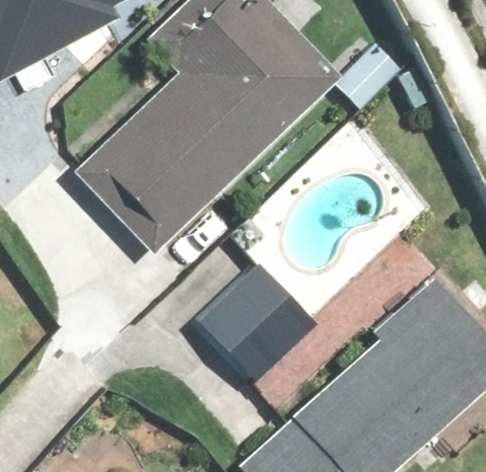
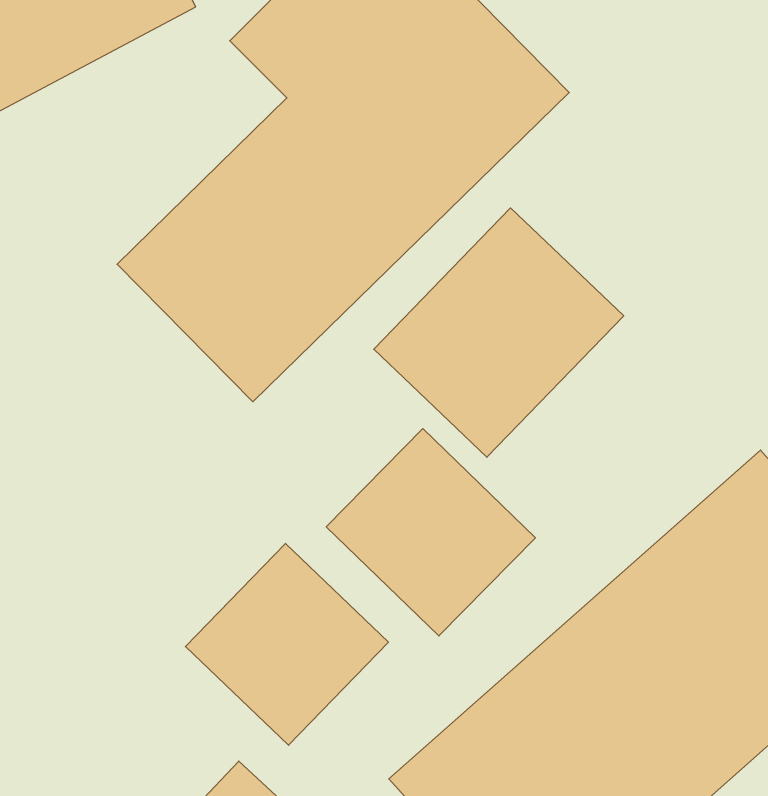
building: none -> [374,208,624,457]
building: none -> [185,543,388,745]

